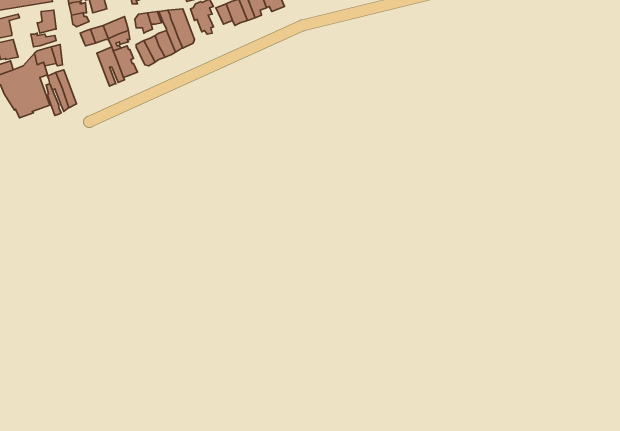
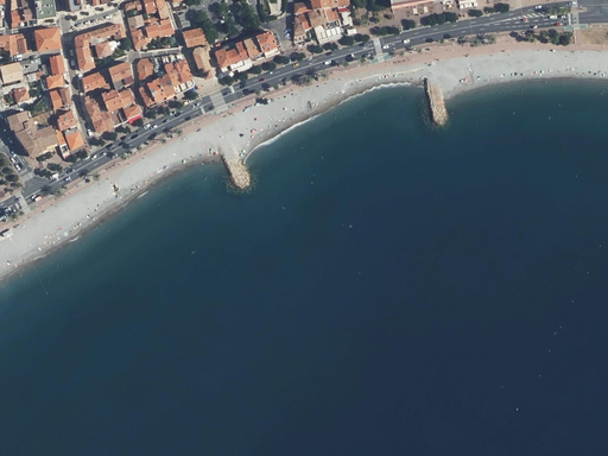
building: none -> [84,94,114,131]

